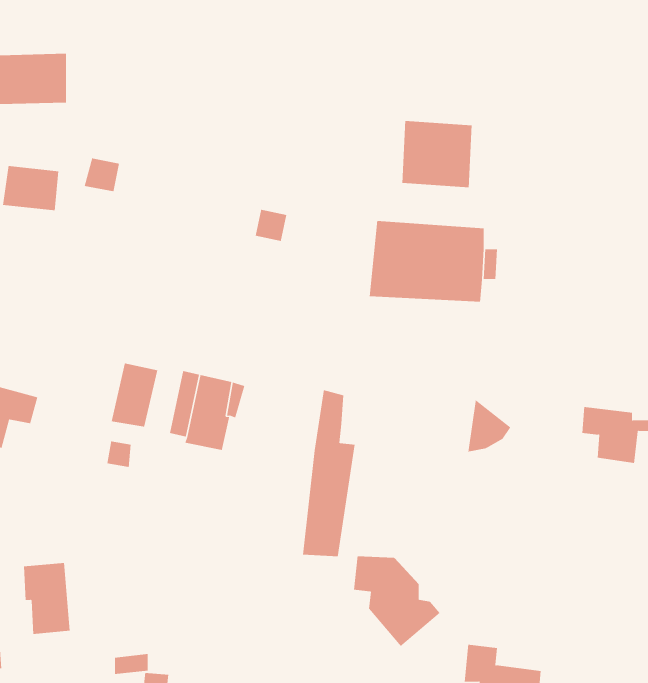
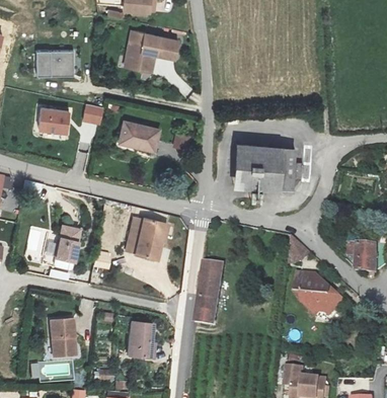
building: none -> [123,30,177,72]
building: [402,120,472,188] -> none
building: none -> [119,121,158,151]
building: [111,363,158,427] -> [54,227,79,261]
building: [353,556,440,647] -> [297,273,343,322]
building: none -> [126,321,155,361]

